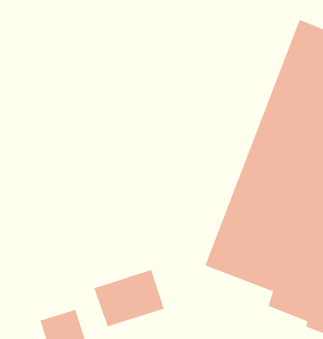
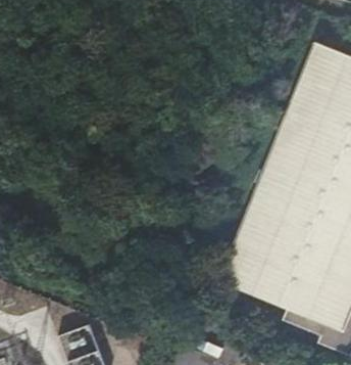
building: [93,269,165,327] -> none

